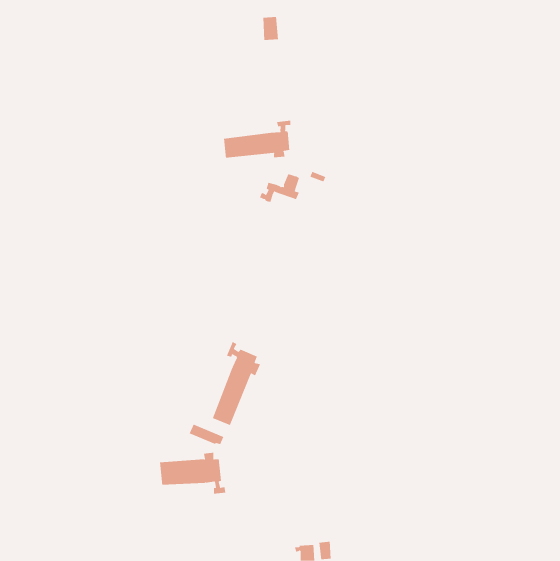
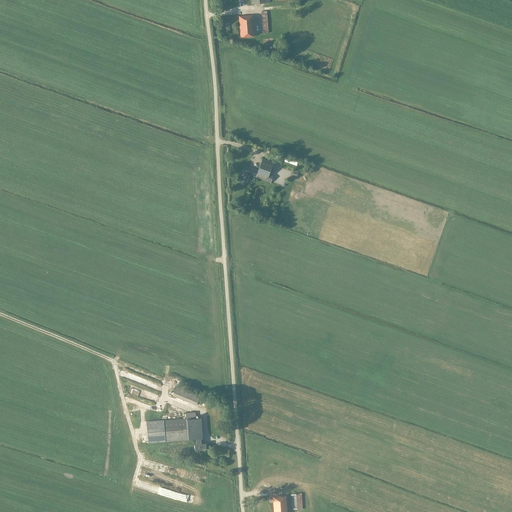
building: [223,120,291,159] -> none
building: [212,341,261,426] -> none

